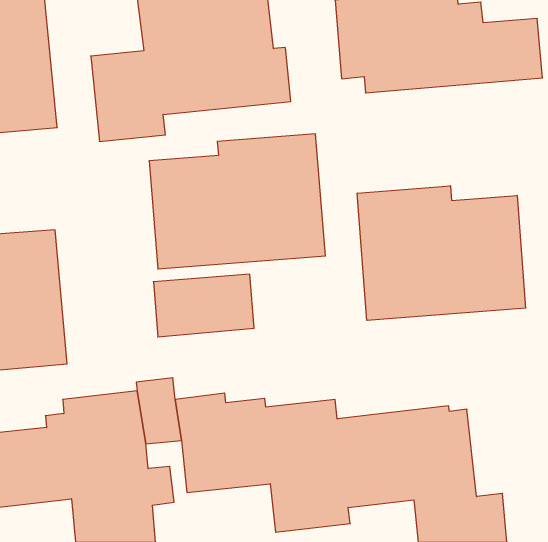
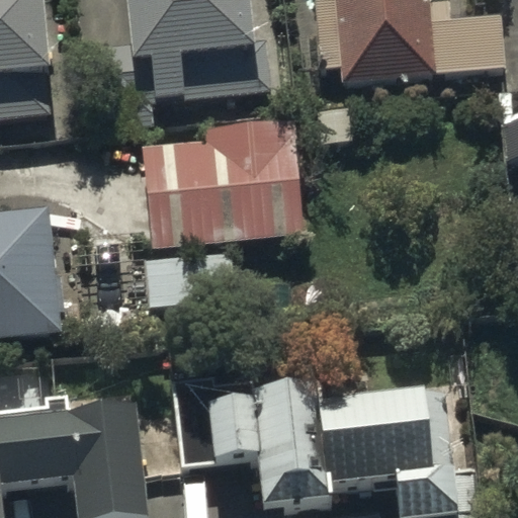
building: [357,186,526,320] -> none

